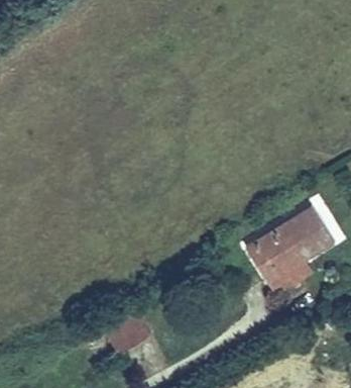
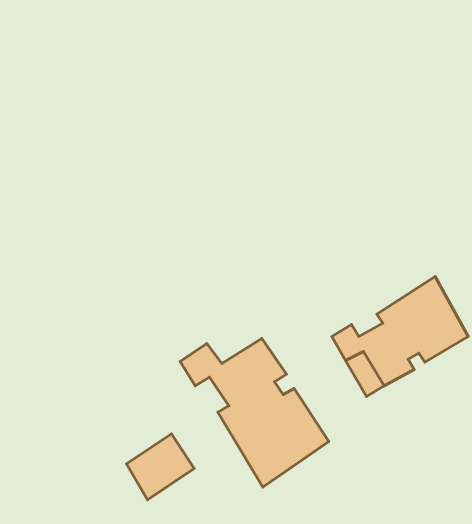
building: none -> [180,339,329,487]

